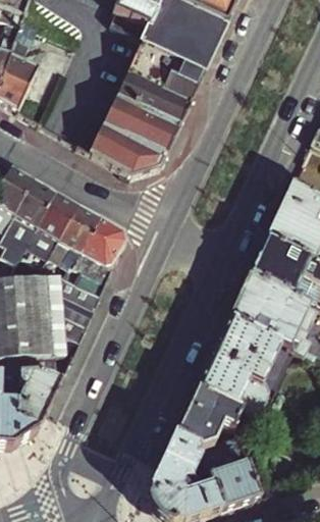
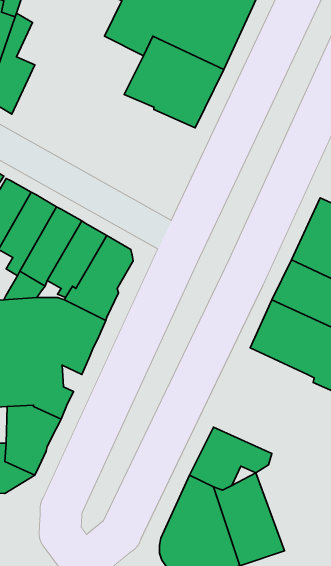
building: [91,89,181,171] -> none
building: [198,314,281,408] -> none

